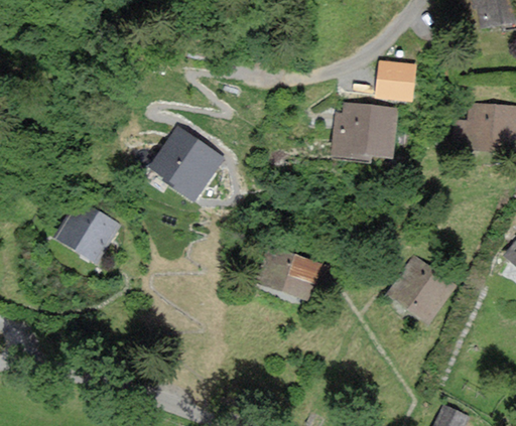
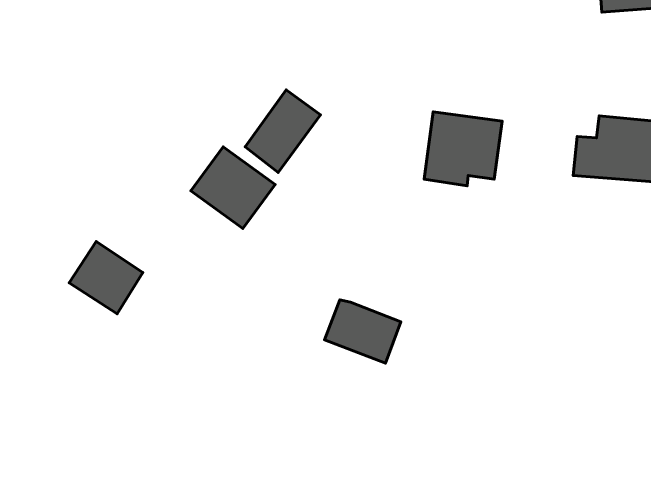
building: [378,61,412,97] -> none
building: none -> [245,90,321,173]
building: [391,259,453,320] -> none

